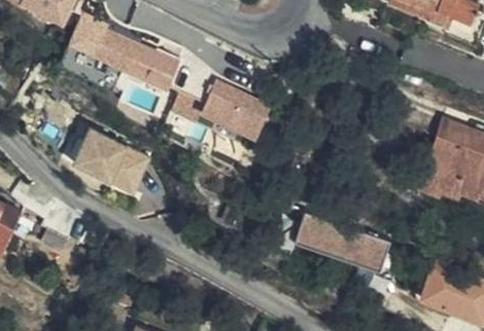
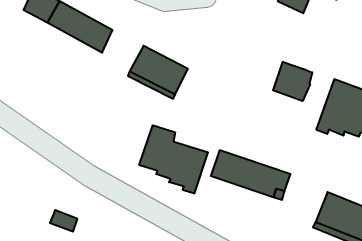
building: none -> [273,62,312,101]
building: [73,131,153,191] -> none
building: none -> [139,125,208,194]

